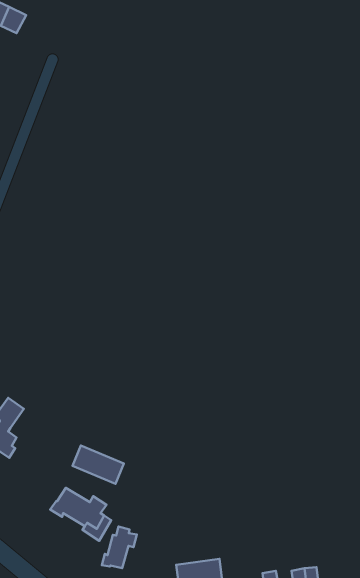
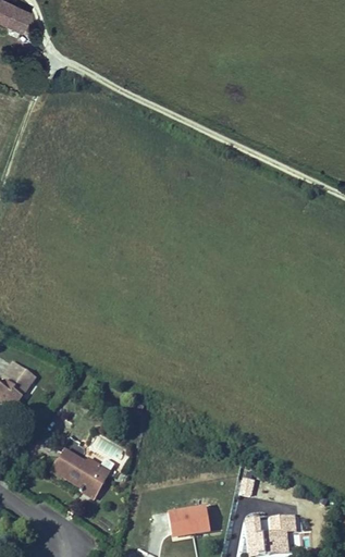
building: [73,446,124,484] -> none
building: [102,526,137,568] -> none

